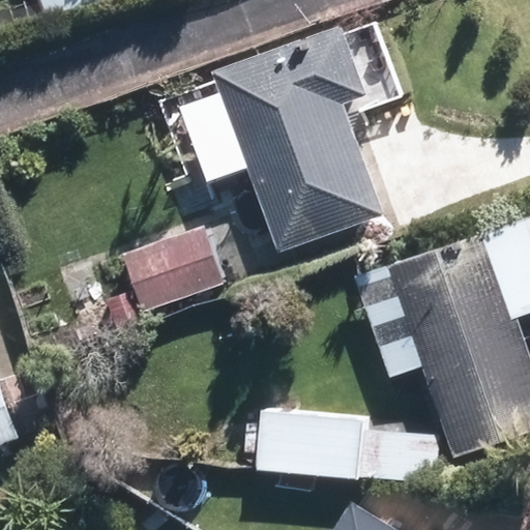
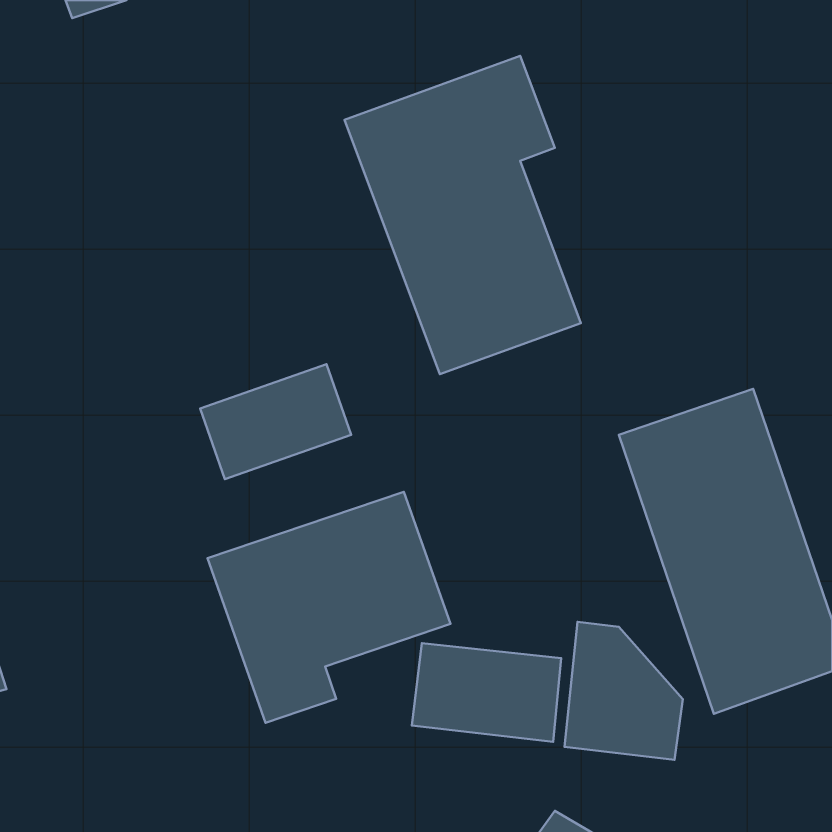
building: none -> [208,492,451,723]

